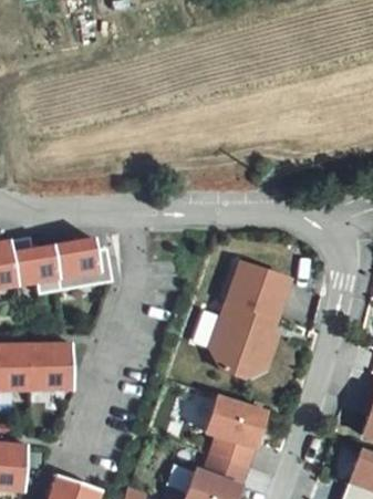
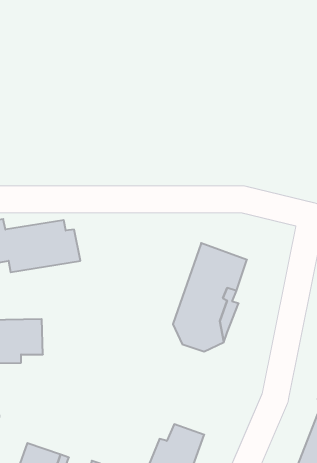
building: [206,395,265,467] -> none

